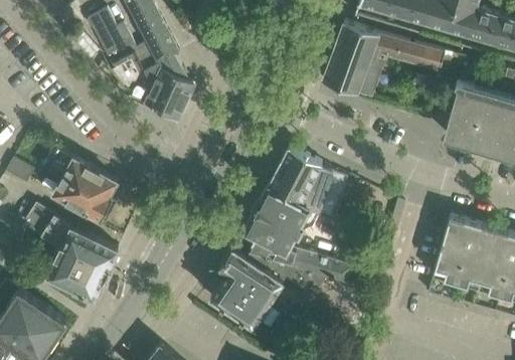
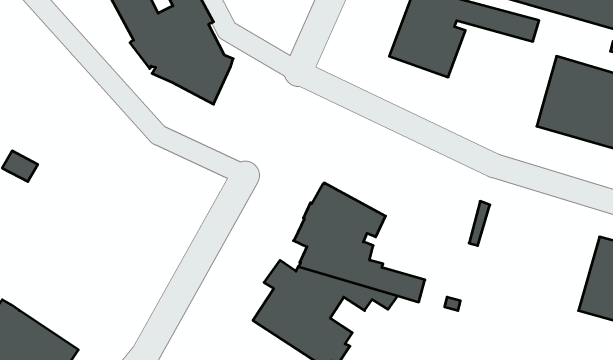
building: [270,147,348,218] -> none
building: [51,150,118,222] -> none
building: [25,205,119,298] -> none
building: [428,216,495,301] -> none

